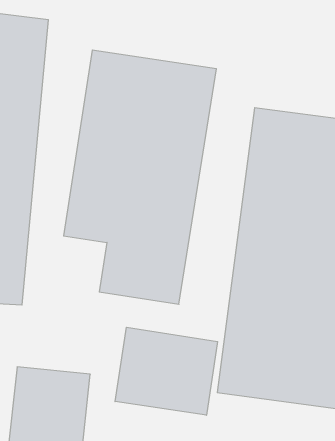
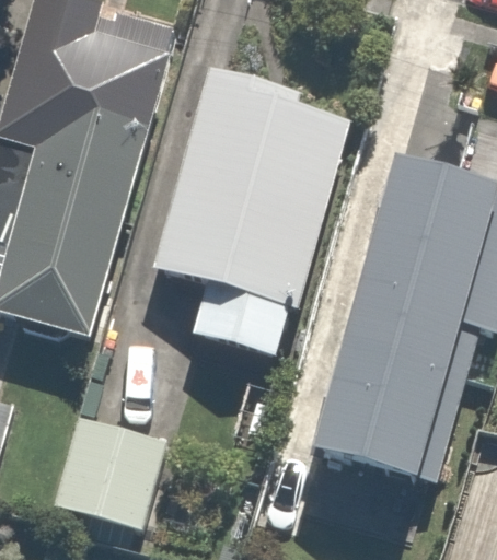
building: [115,327,218,415] -> none

